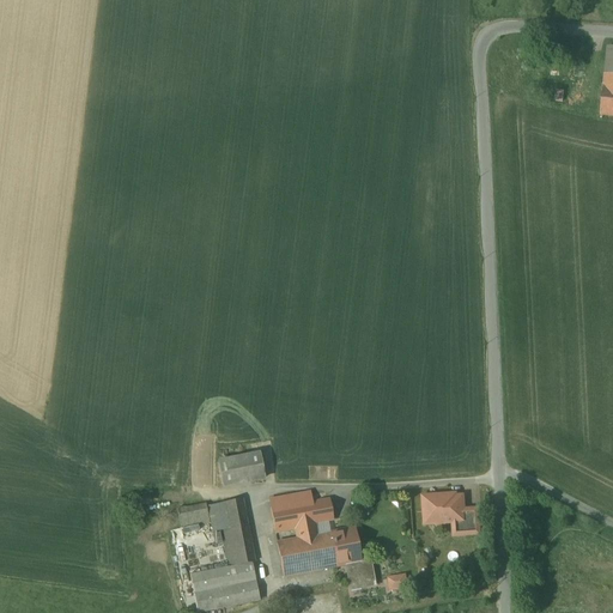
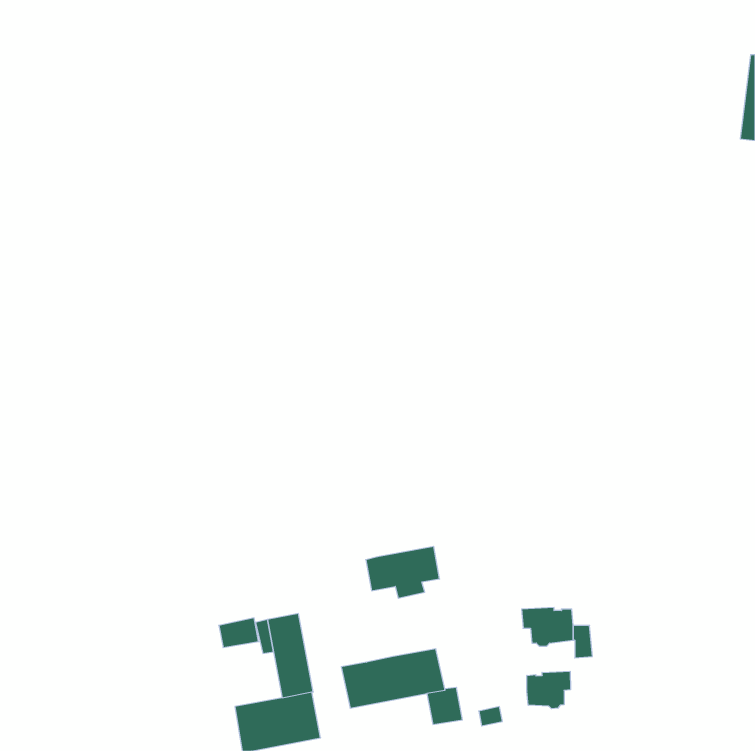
building: [218,451,265,484] -> none
building: [271,494,330,536] -> [366,546,440,598]
building: none -> [527,671,570,709]

